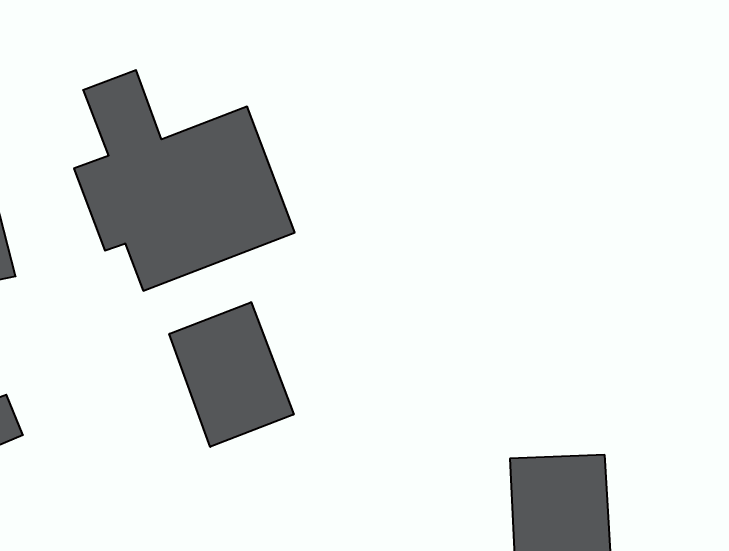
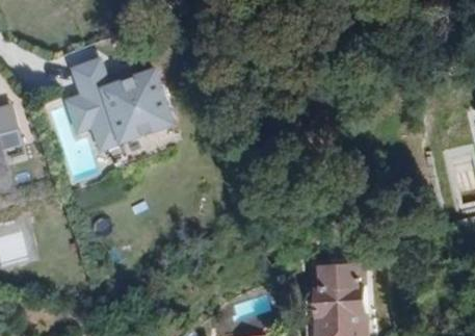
building: [169,302,294,447] -> none

